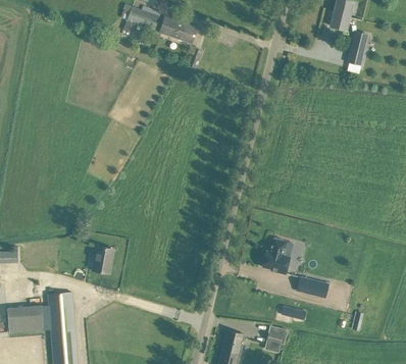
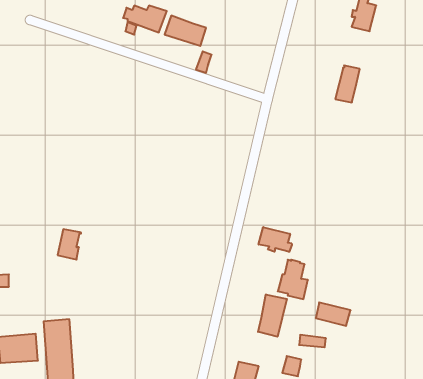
building: [346,32,368,65] -> [335,65,360,102]
building: none -> [259,227,292,252]
building: [92,246,113,273] -> [58,229,81,260]
building: none -> [258,294,287,337]

